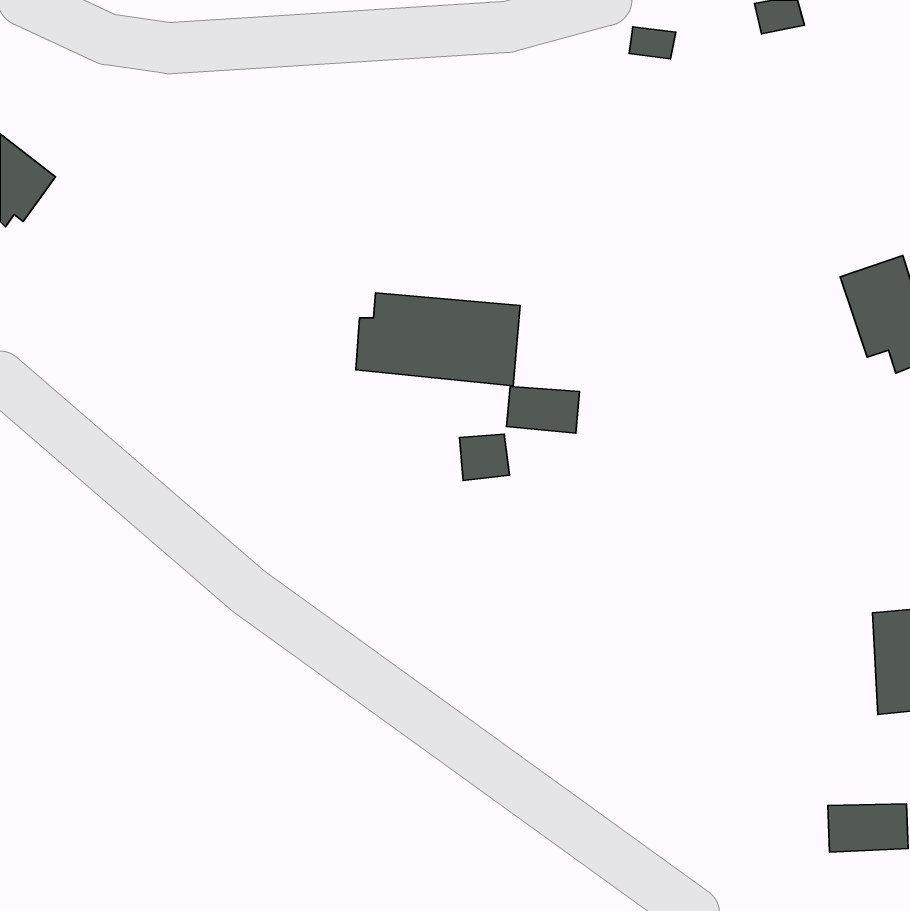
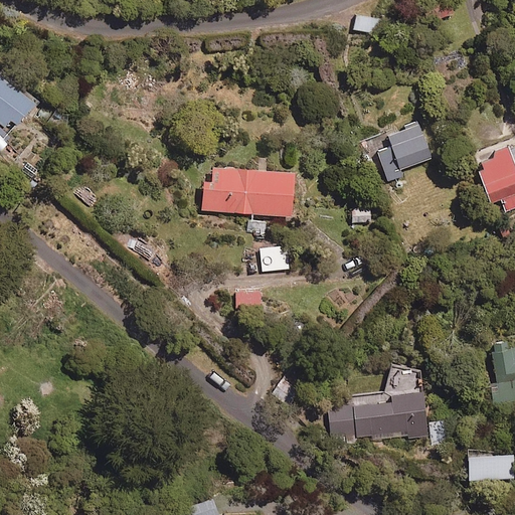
building: none -> [377,124,433,182]
building: [506,386,579,433] -> none
building: none -> [329,389,428,440]

